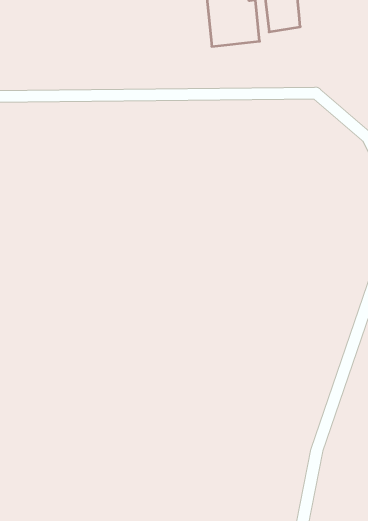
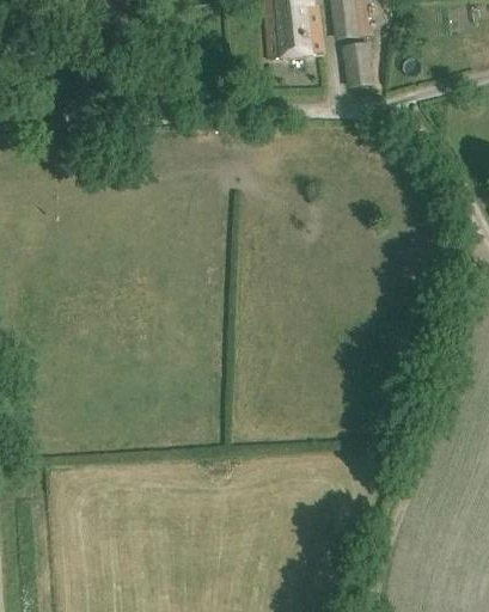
building: none -> [341,41,377,87]

